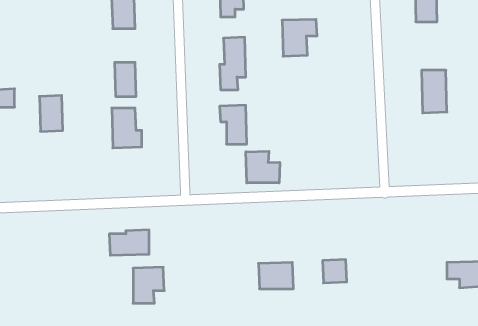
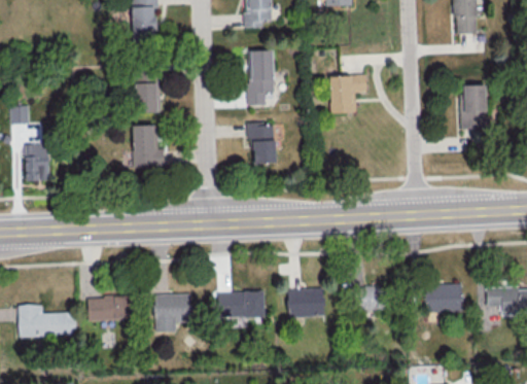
building: [282,19,317,56] -> [329,74,366,113]
building: [39,95,63,131] -> [25,143,49,181]
building: [246,151,280,183] -> none
building: [109,230,149,255] -> [87,293,130,320]
building: none -> [425,284,462,311]
building: none -> [217,290,265,317]
building: none -> [17,304,76,338]

